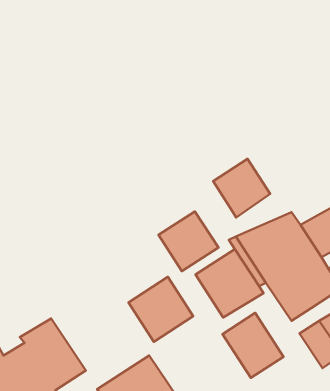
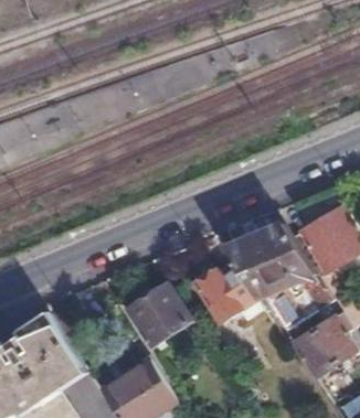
building: [213,159,270,217] -> none
building: [159,211,218,271] -> none
building: [223,313,284,378] -> none

